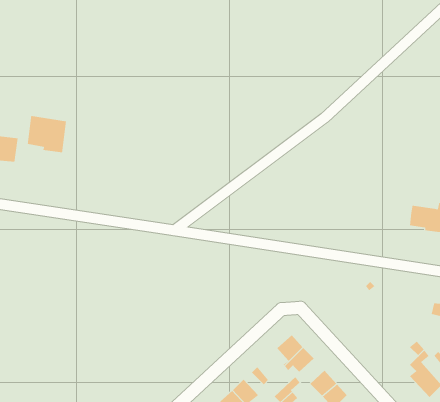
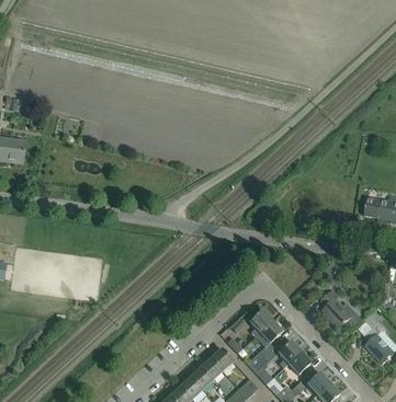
building: [27,115,67,153] -> none
building: none -> [321,289,361,326]

